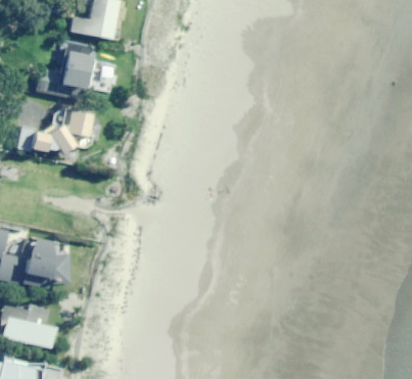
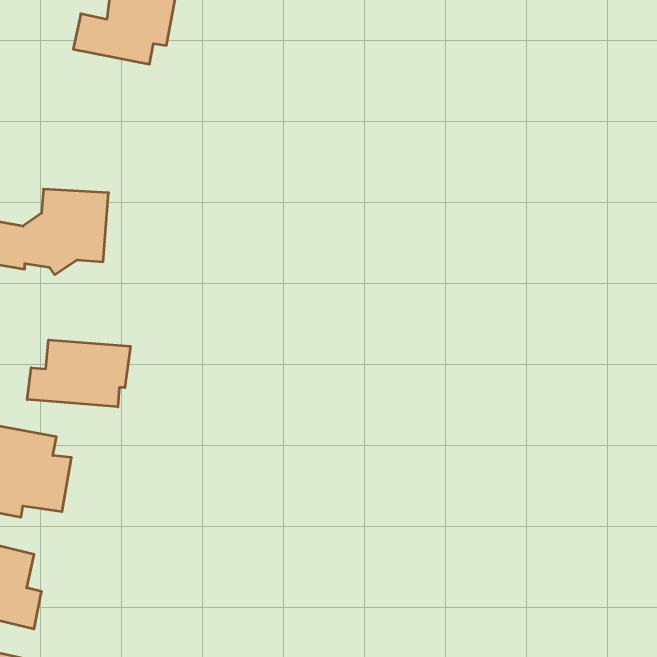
building: [37,40,94,100] -> none
building: none -> [27,340,130,407]

